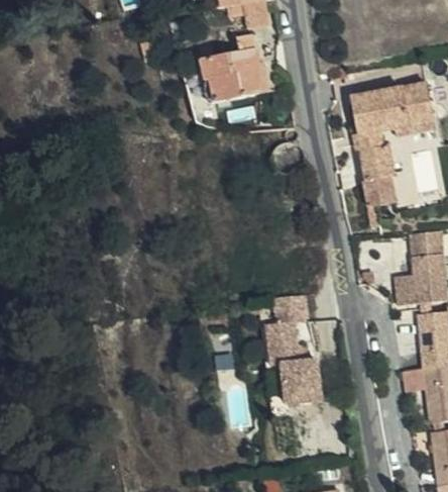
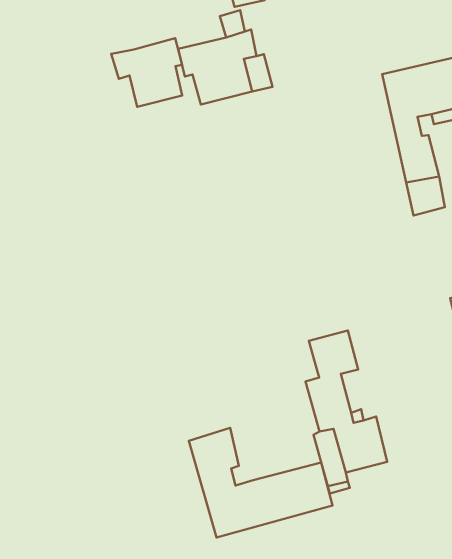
building: none -> [111,38,182,107]
building: none -> [189,428,332,538]

